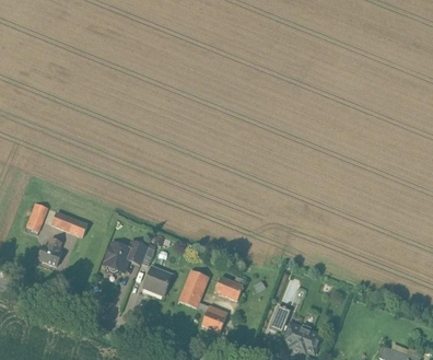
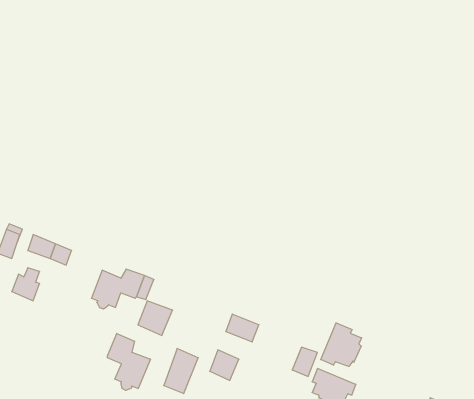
building: [178,268,207,305] -> [164,348,198,394]
building: none -> [321,323,362,366]
building: none -> [107,333,150,390]

